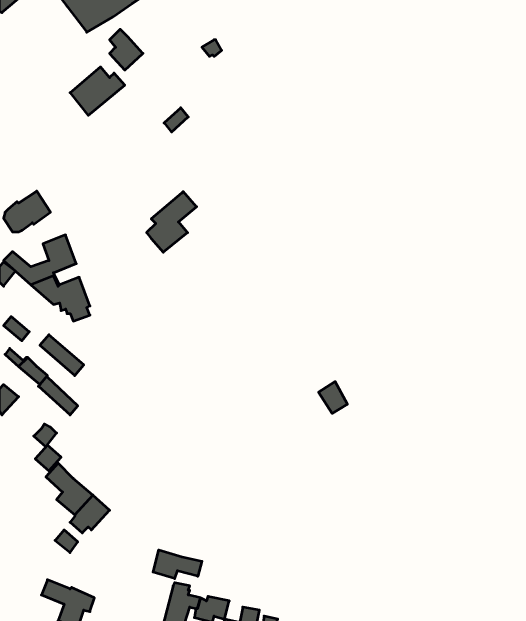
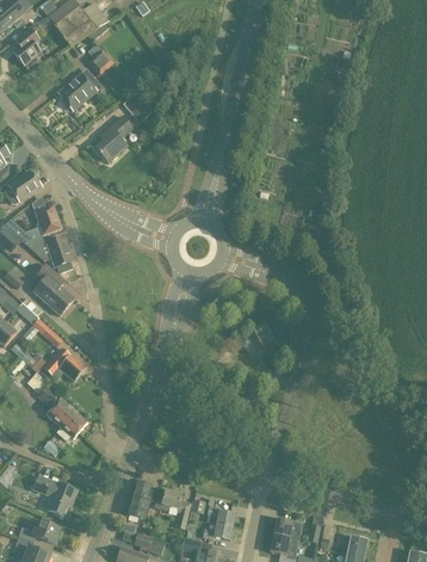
building: none -> [13,27,41,66]
building: [147,192,197,252] -> [94,116,134,163]
building: none -> [36,265,74,308]
building: none -> [44,347,85,381]
building: [153,550,202,579] -> none

